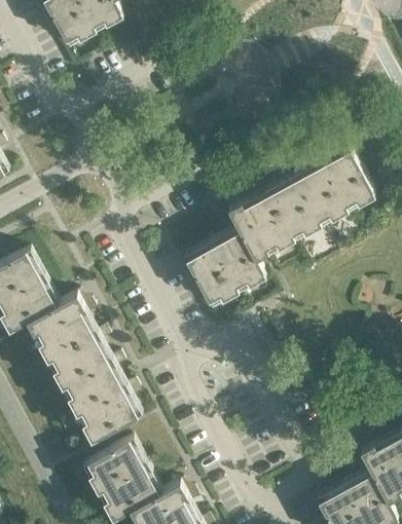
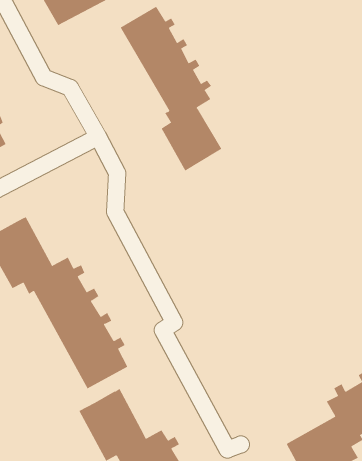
building: none -> [120,6,222,171]
building: [183,150,372,307] -> none

